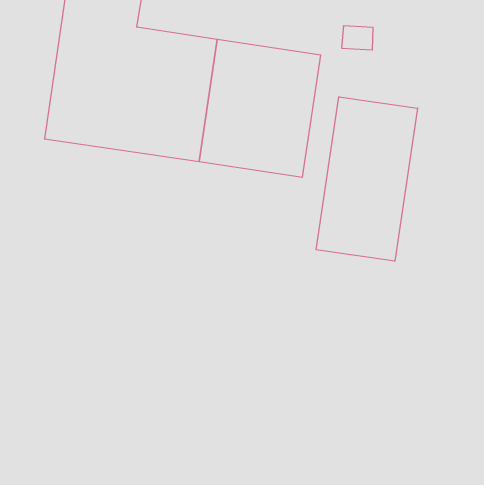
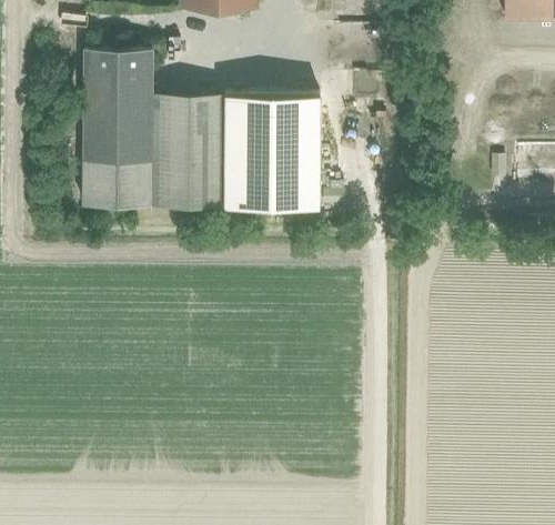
building: [316,97,418,261] -> none

